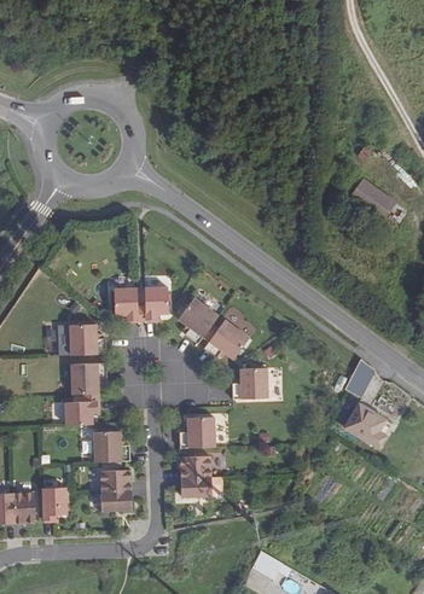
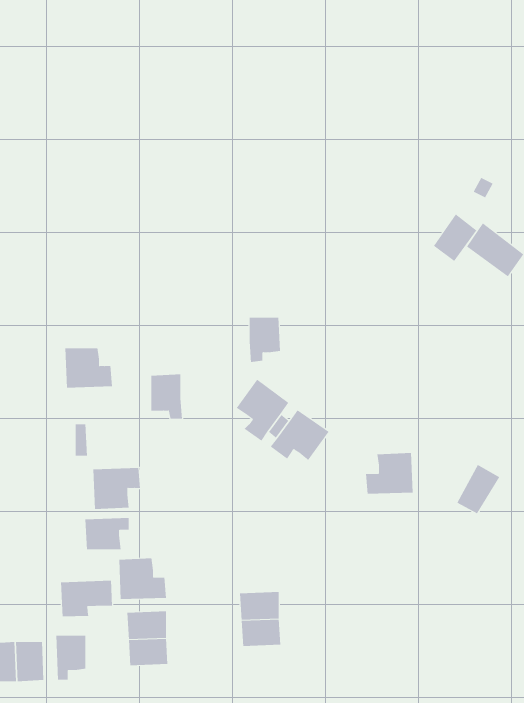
building: none -> [433,213,477,262]
building: [144,292,168,326] -> [249,317,281,362]
building: [69,324,105,354] -> [64,348,113,388]
building: [231,367,267,398] -> [365,452,413,494]
building: [344,402,385,447] -> none
building: [180,415,215,447] -> none
building: none -> [60,580,112,617]

